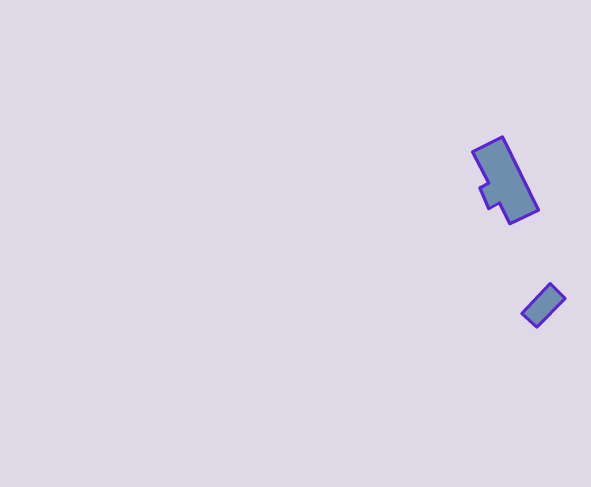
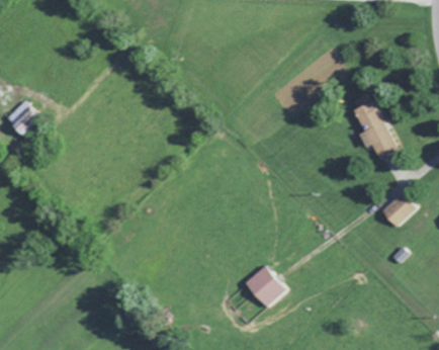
building: none -> [243,265,284,308]

